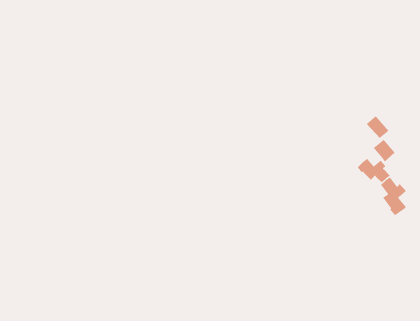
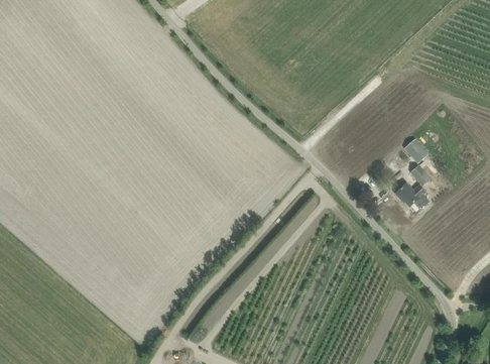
building: [380,177,407,216] -> none

